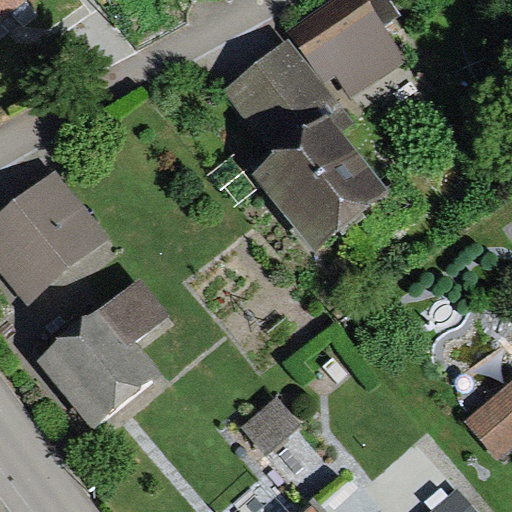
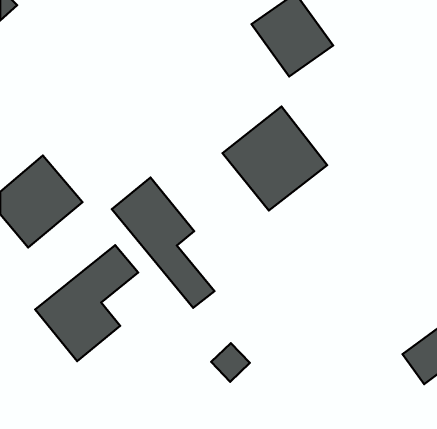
building: [235,55,324,143] -> none
building: none -> [112,177,214,308]

